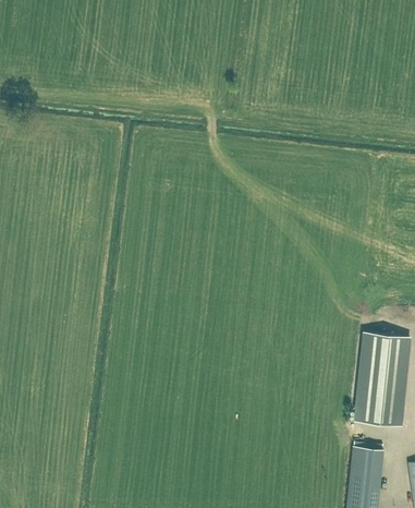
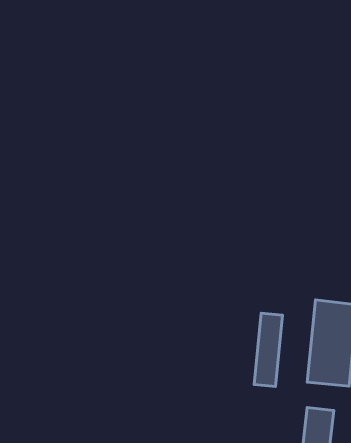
building: none -> [254,313,283,387]

